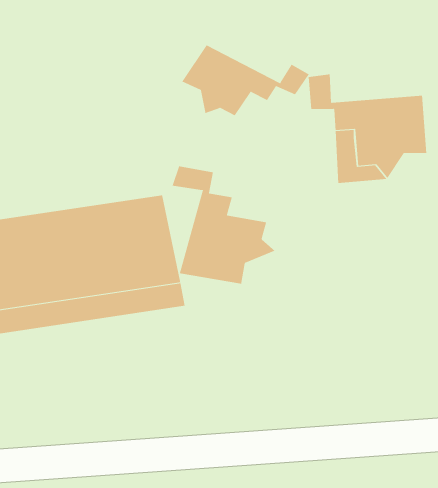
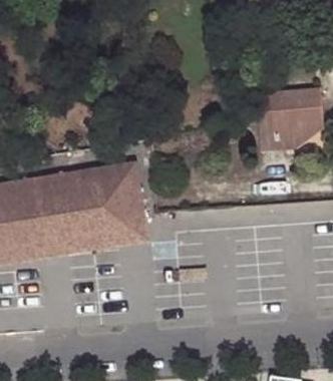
building: [181,44,309,116] -> none
building: [172,166,276,284] -> none

